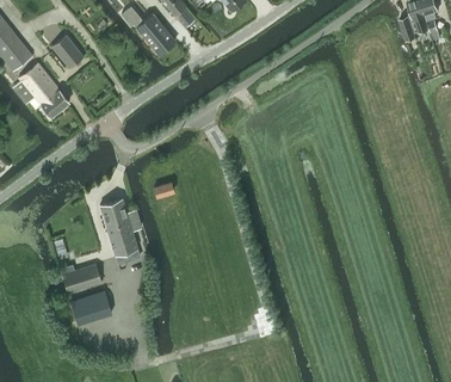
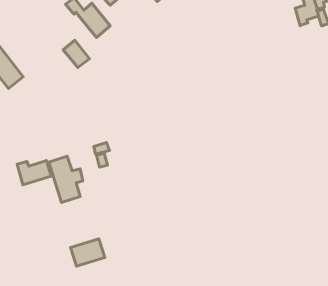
building: [51,35,84,68] -> [63,40,90,68]
building: [61,264,103,294] -> [17,160,51,185]
building: [70,290,112,324] -> [71,239,105,266]

